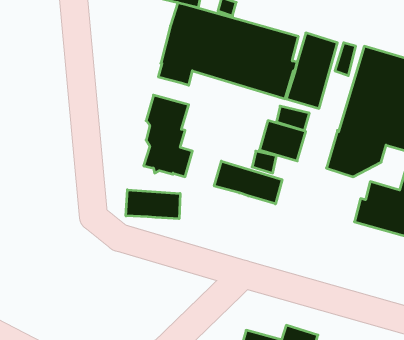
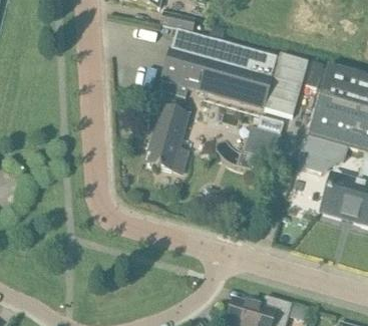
building: [214,161,282,204] -> none
building: [126,190,180,219] -> none

